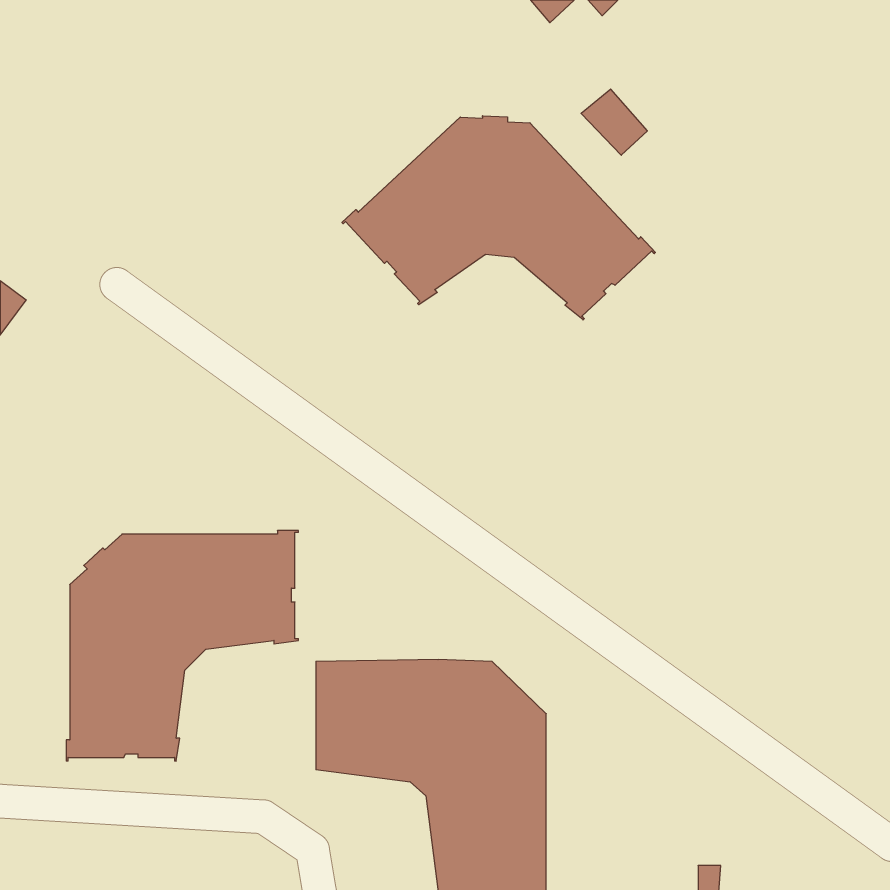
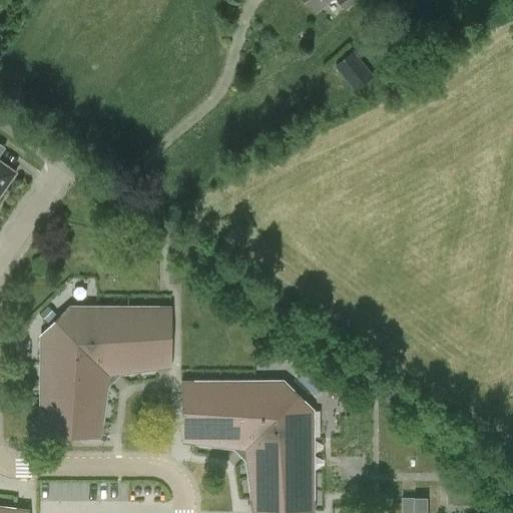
building: [342,116,655,320] -> none

